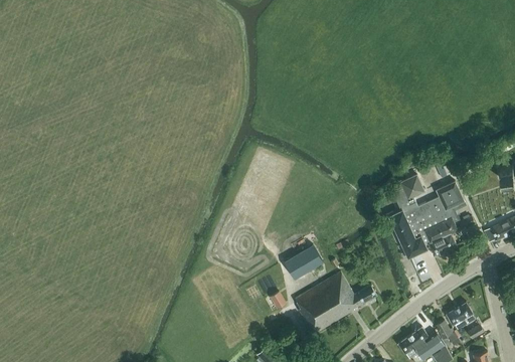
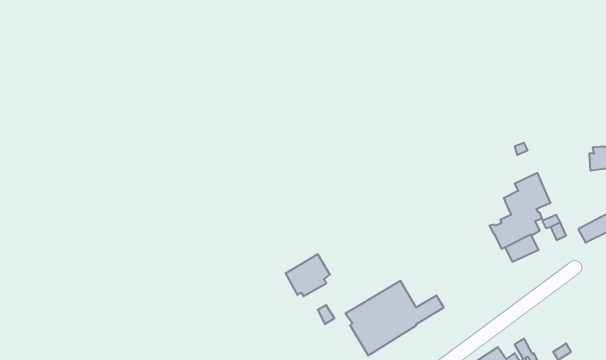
building: [388,173,433,256] -> none
building: [285,243,322,279] -> [286,254,330,296]
building: [446,301,475,327] -> none

